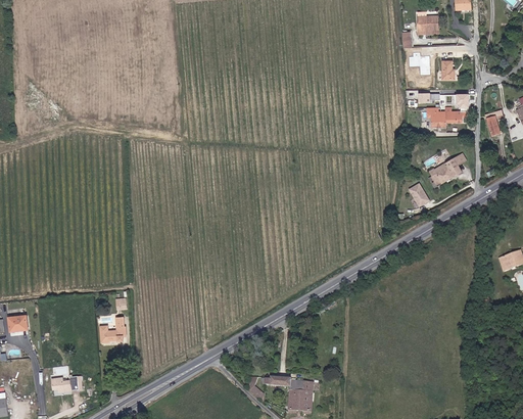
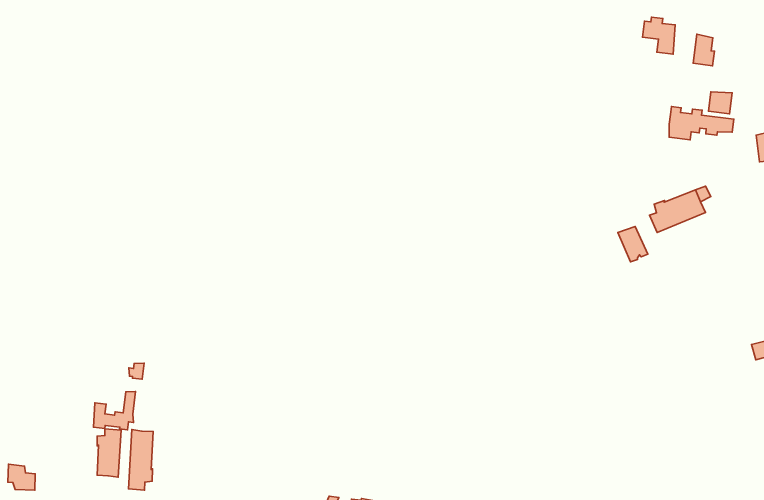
building: none -> [128,430,153,490]
building: none -> [97,429,121,477]

